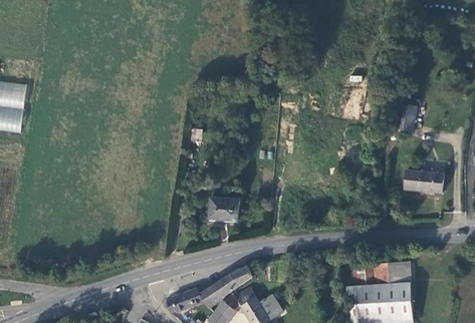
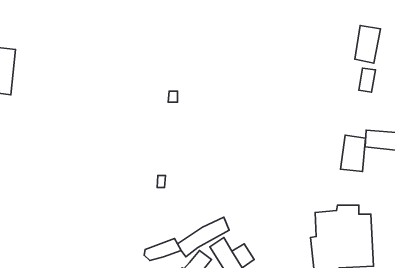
building: none -> [355,26,381,63]
building: none -> [341,135,366,171]
building: [209,198,239,221] -> none

